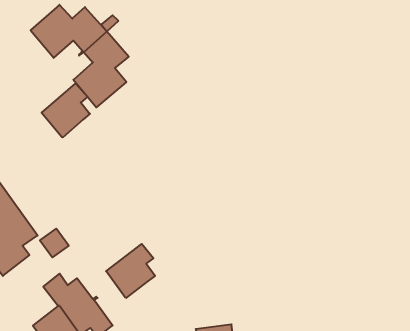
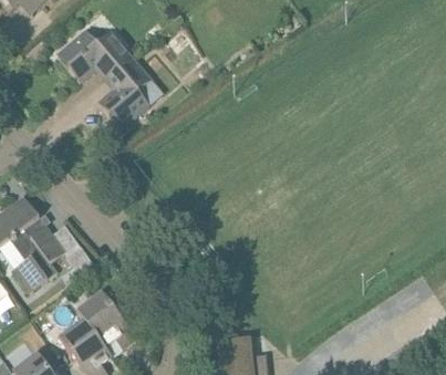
building: [42,84,90,137] -> none
building: [106,244,155,298] -> none

